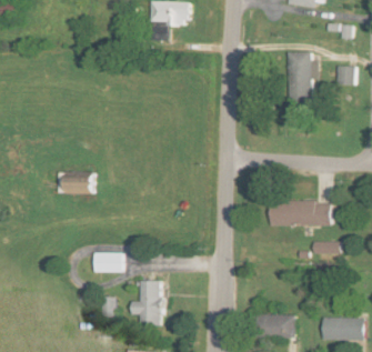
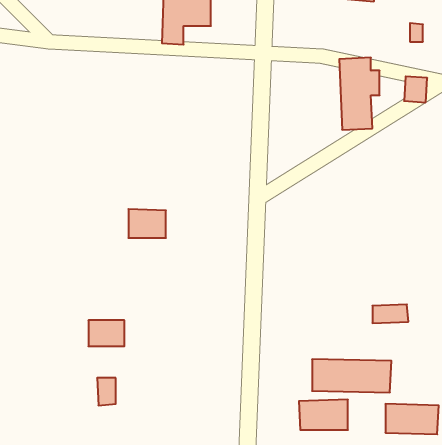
building: [64,171,93,193] -> [128,209,166,238]
building: [270,200,331,225] -> [312,359,391,392]
building: [131,280,161,326] -> none

